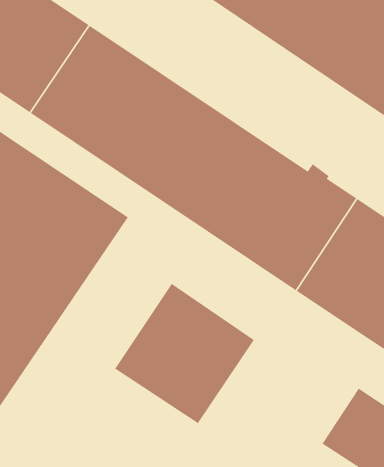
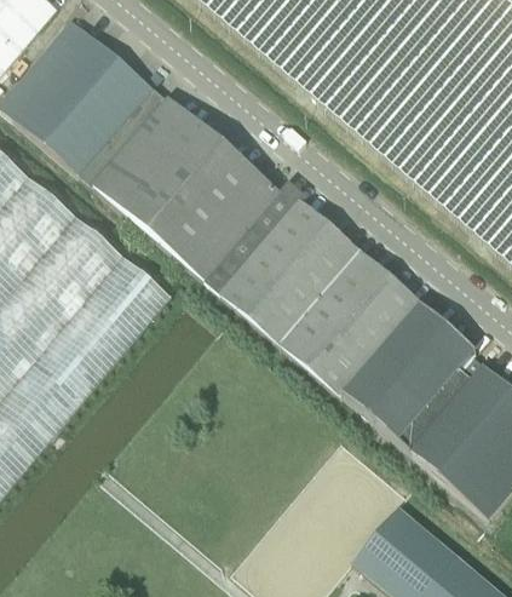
building: [114,283,255,424] -> none

